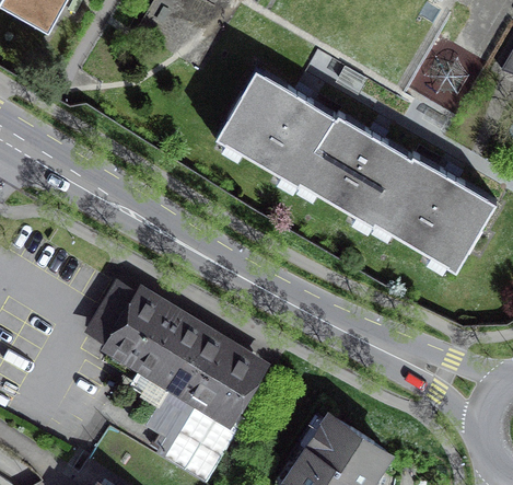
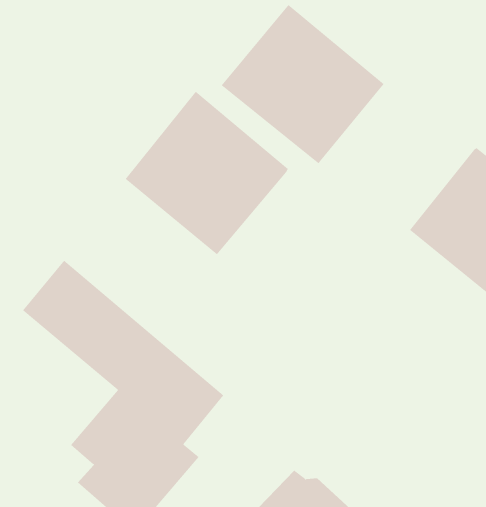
building: [299,113,411,224] -> none
building: none -> [125,91,288,255]

